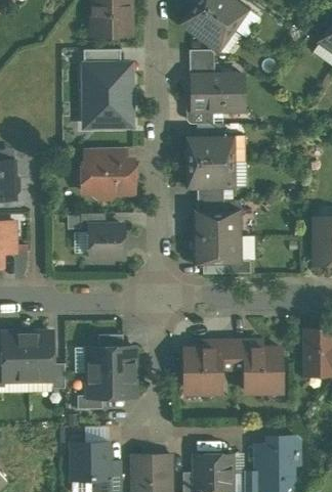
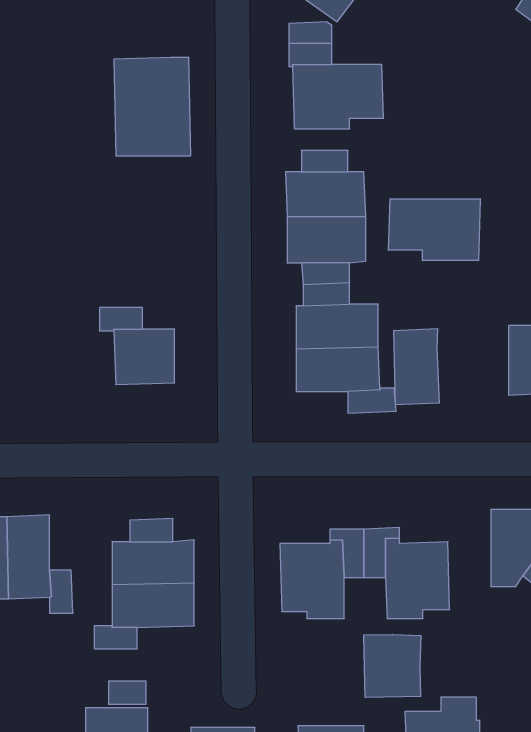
building: [84,49,122,72] -> none
building: [83,148,133,197] -> none
building: none -> [388,199,480,261]
building: none -> [394,329,439,405]
building: none -> [364,634,421,698]

